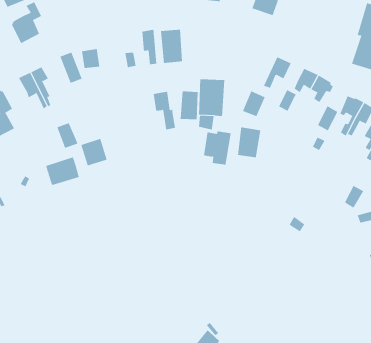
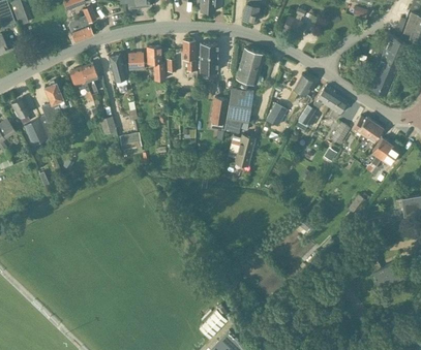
building: none -> [236,49,264,84]
building: [153,91,176,130] -> [147,46,164,81]
building: [238,127,261,158] -> none
building: [46,157,80,186] -> none

